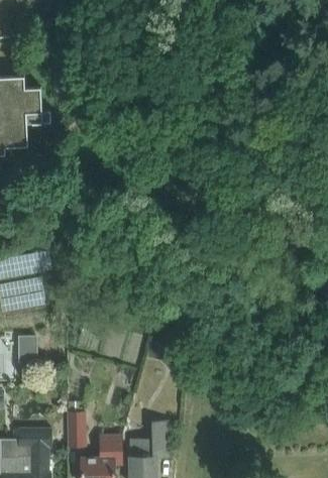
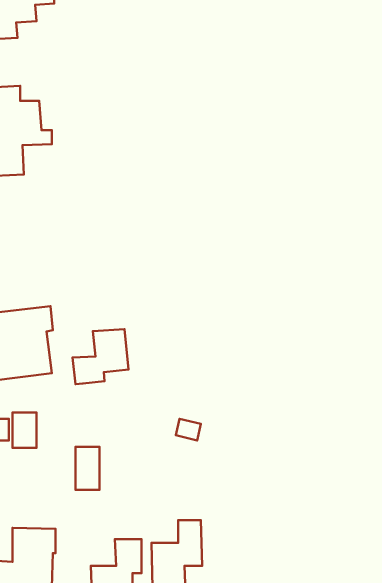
building: none -> [73,329,129,384]
building: [65,412,84,447] -> [76,447,100,490]

